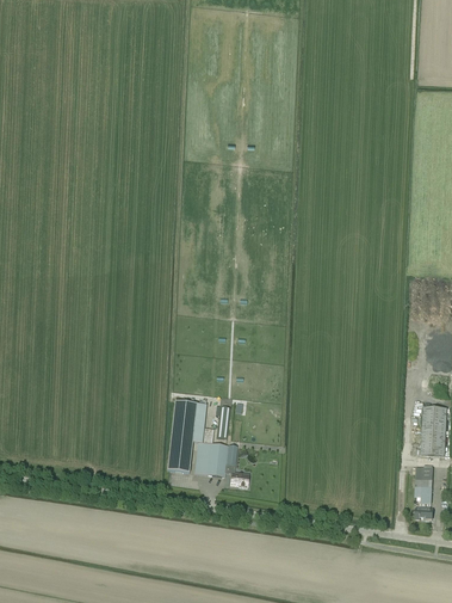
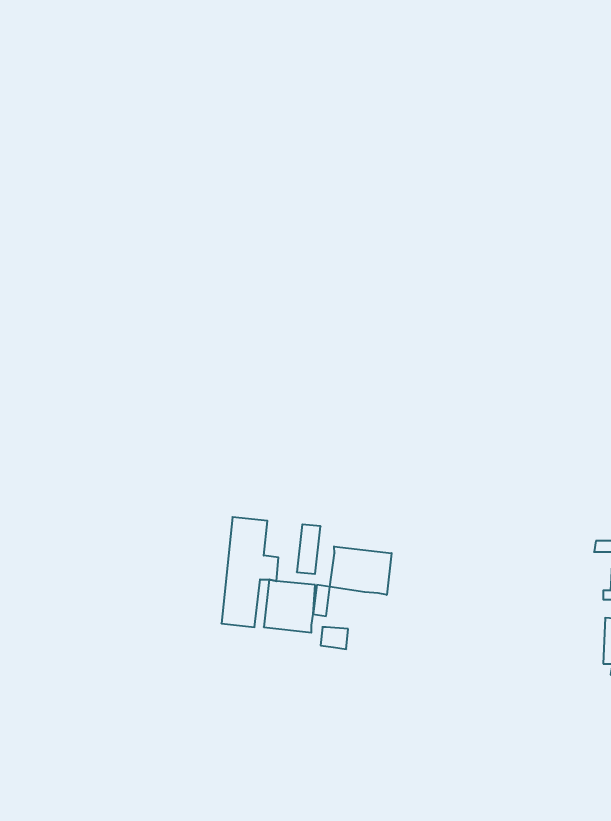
building: none -> [330,546,392,595]

